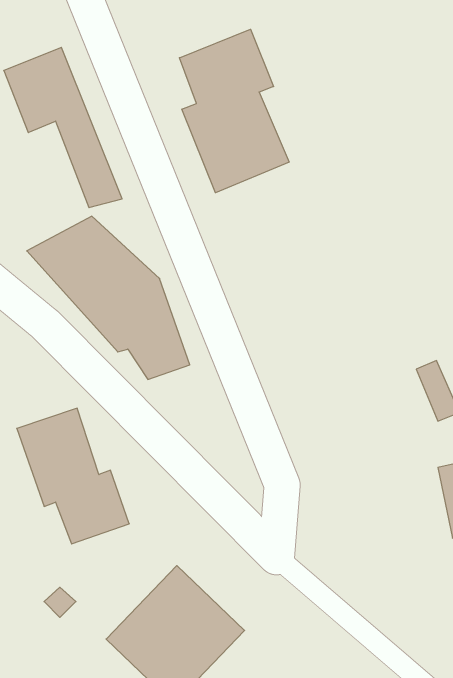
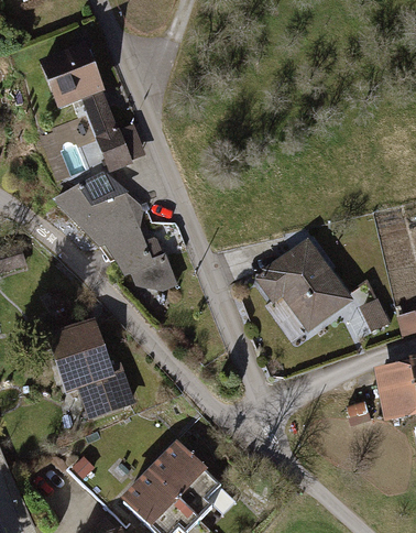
building: [179,29,289,193] -> none
building: none -> [256,241,354,336]

